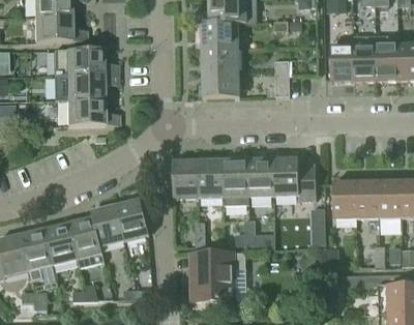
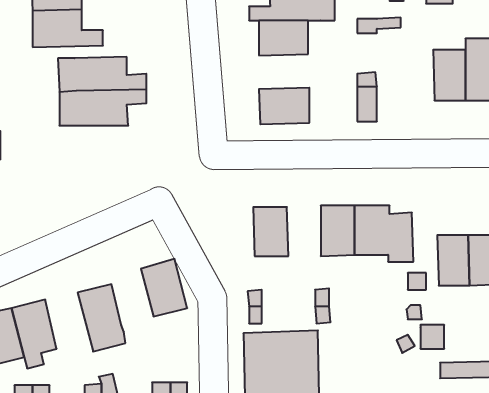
building: [201,48,238,73] -> none
building: [67,100,118,126] -> none
building: [221,159,246,205] -> none
building: [172,160,198,198] -> none
building: [91,206,123,247] -> none
building: [43,224,77,265] -> none

